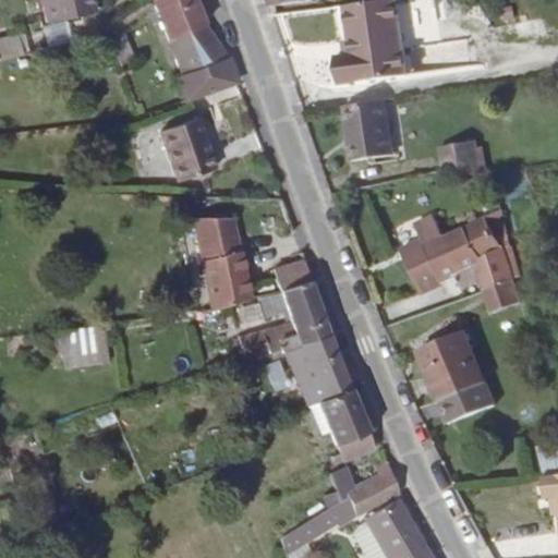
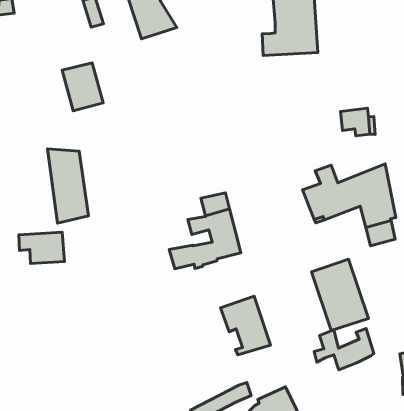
building: [179,56,236,99] -> none
building: [345,99,393,160] -> none
building: [160,118,215,180] -> [62,63,103,111]
building: [193,217,251,310] -> [47,149,88,223]
building: [286,333,350,404] -> none
building: [324,460,399,514] -> [314,329,374,370]

